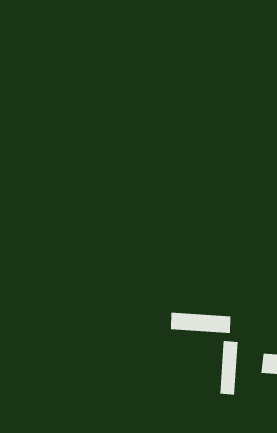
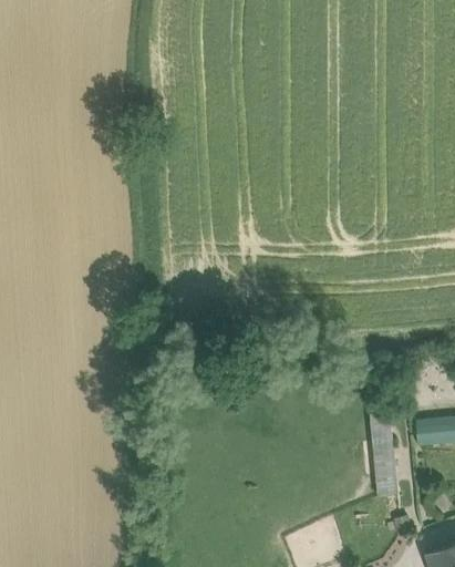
building: [171,312,231,334] -> none

